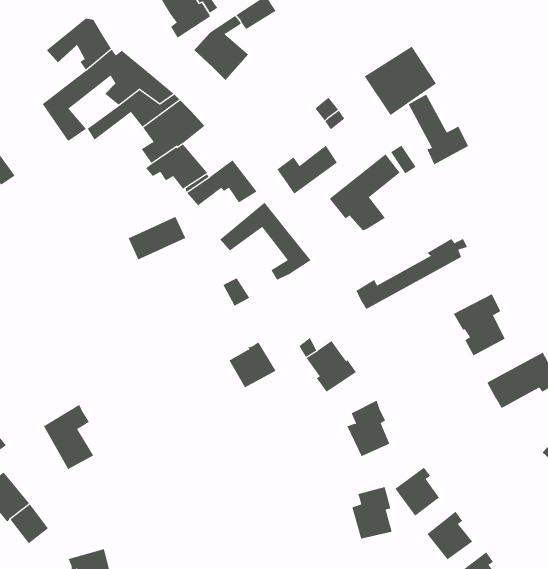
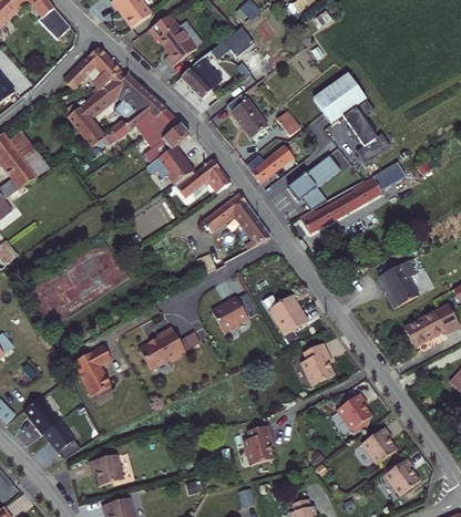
building: none -> [228,90,270,135]
building: [356,238,468,310] -> [305,177,390,231]
building: none -> [136,328,183,369]
building: [352,487,392,539] -> [242,424,273,464]

